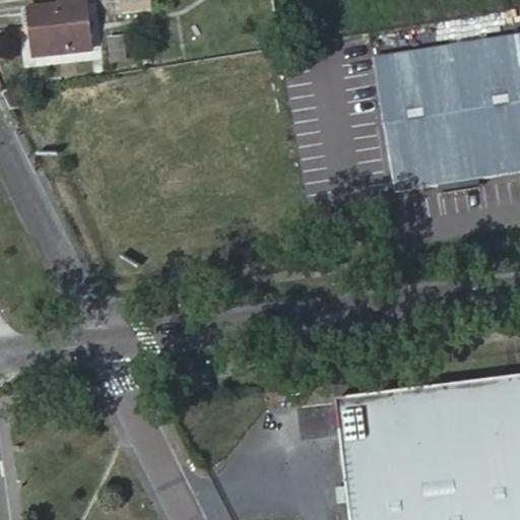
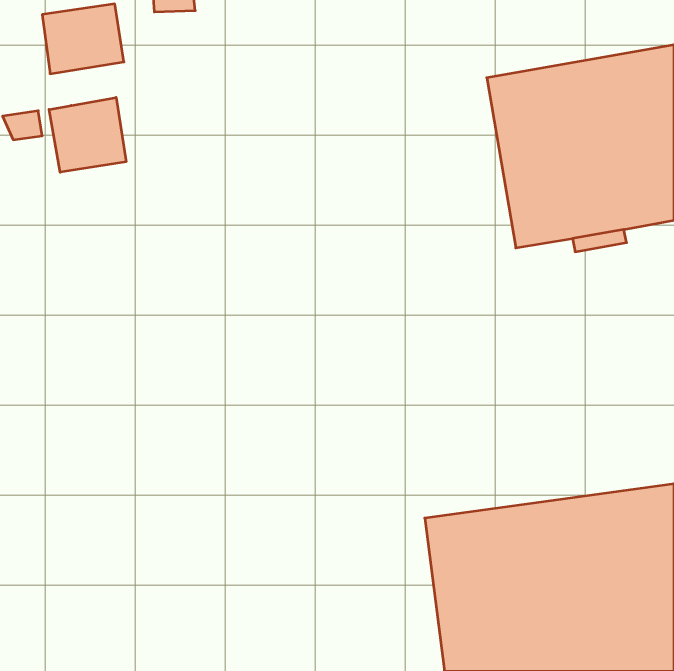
building: none -> [49,97,126,172]

